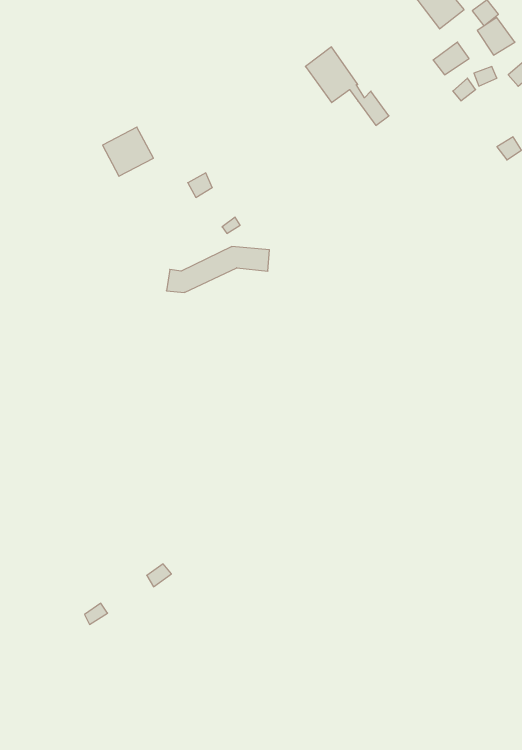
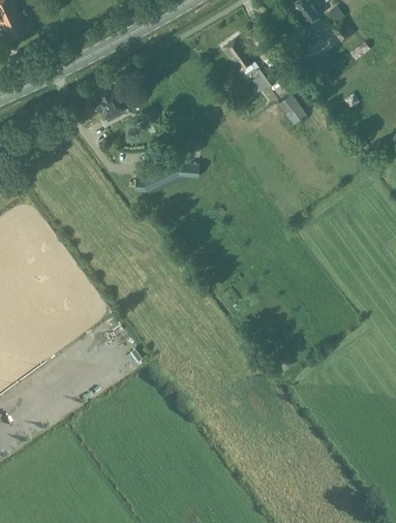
building: none -> [275,92,305,123]

